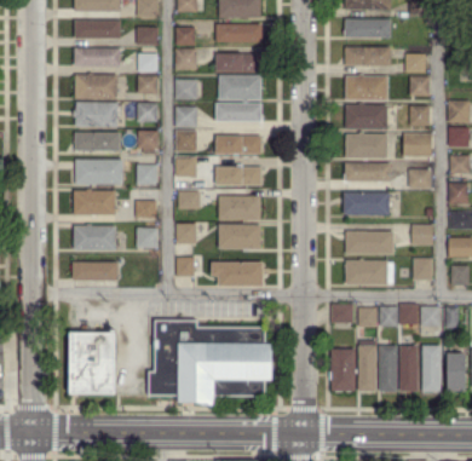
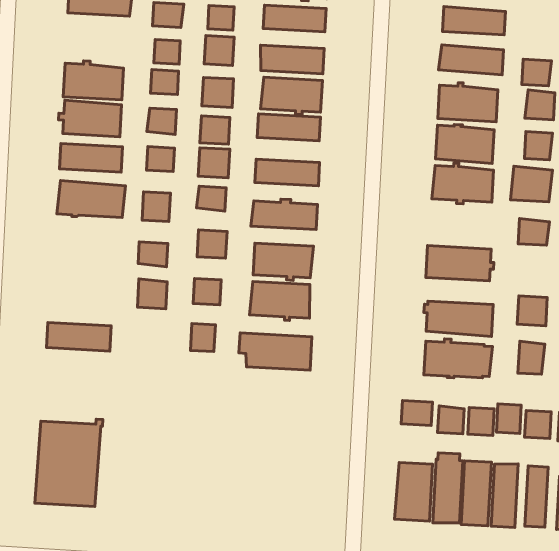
building: [75,47,121,65] -> none
building: [345,162,392,181] -> none
building: [75,188,116,214] -> none
building: [74,223,116,249] -> none
building: [148,318,272,402] -> none

